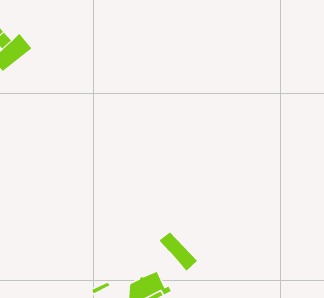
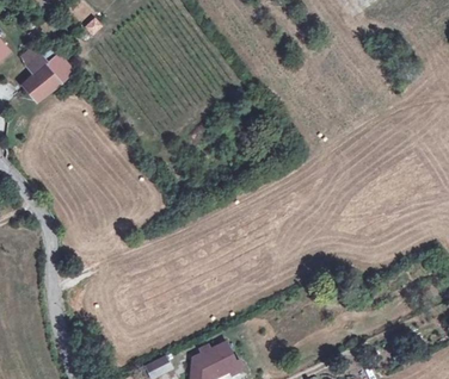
building: [159,231,198,272] -> none

